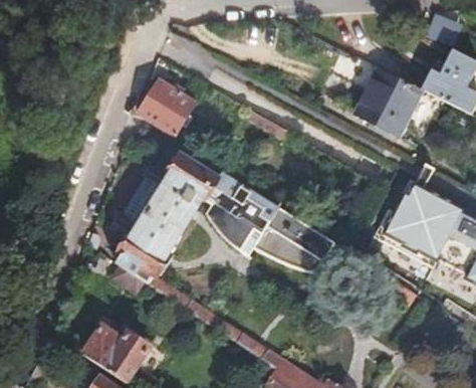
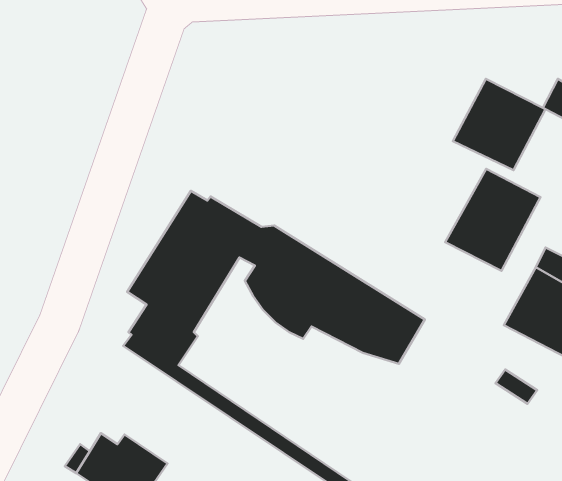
building: [140,78,198,136] -> none
building: none -> [445,169,540,271]

